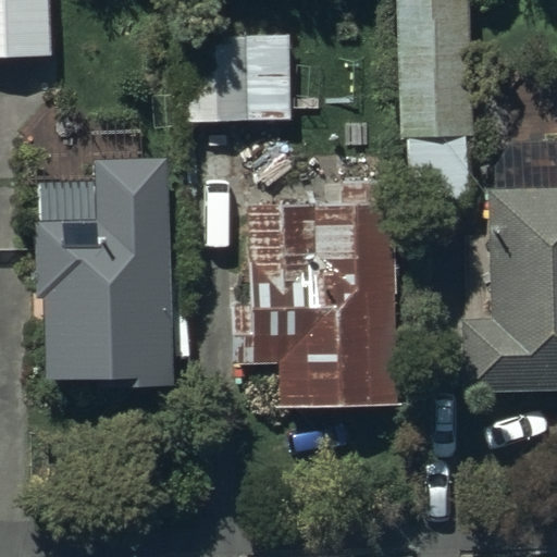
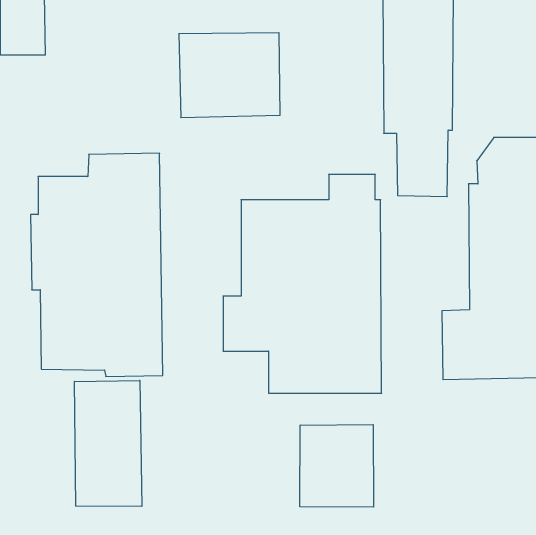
building: none -> [75,380,142,506]
building: none -> [300,425,374,507]

